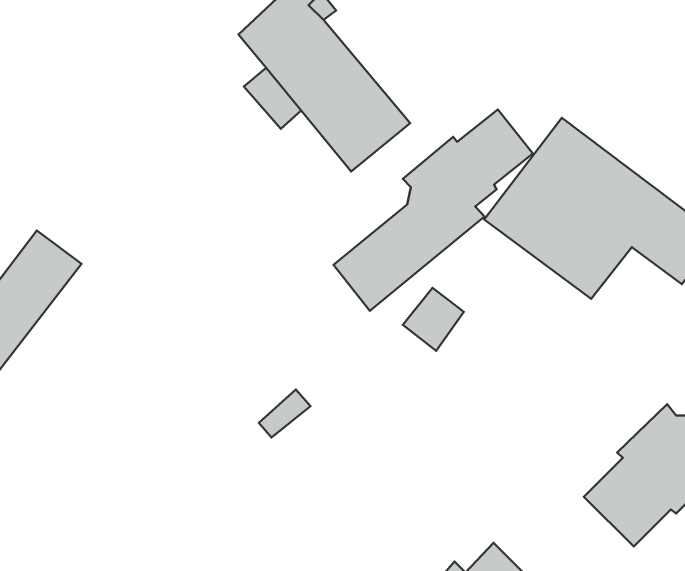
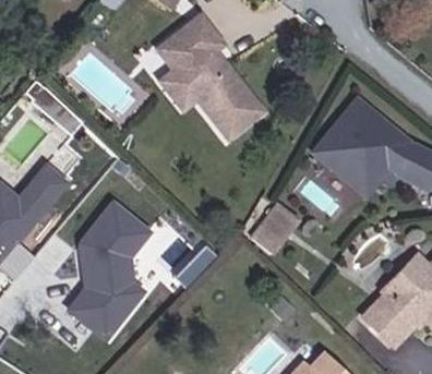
building: [334,109,533,311] -> none
building: none -> [63,198,157,343]

